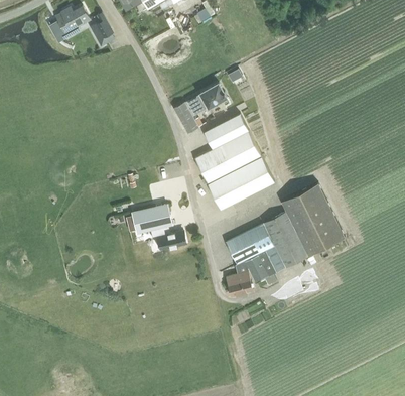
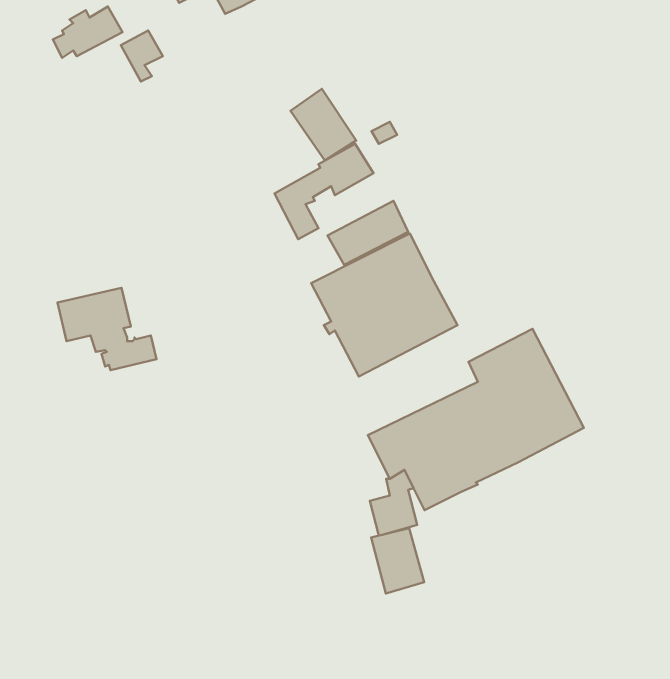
building: none -> [291,89,356,161]
building: [132,205,186,250] -> [58,288,156,370]
building: none -> [371,528,424,594]

